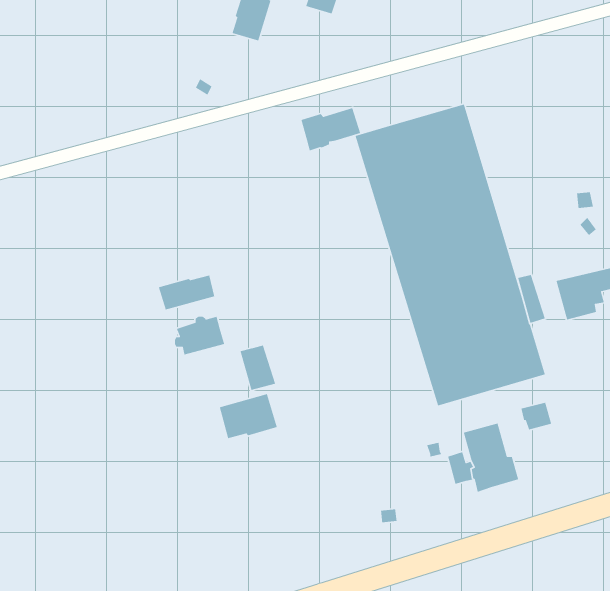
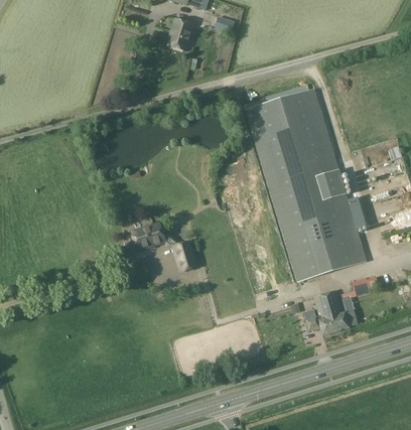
building: [300,107,361,151] -> none
building: [158,274,215,310] -> none
building: [219,393,278,439] -> none

